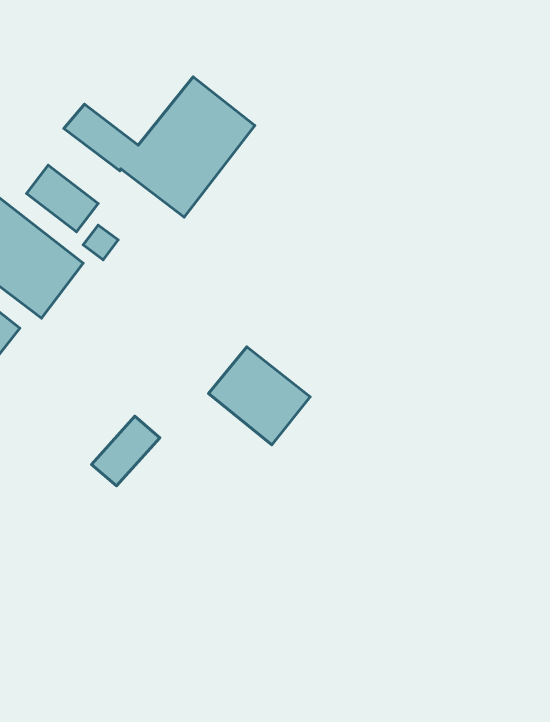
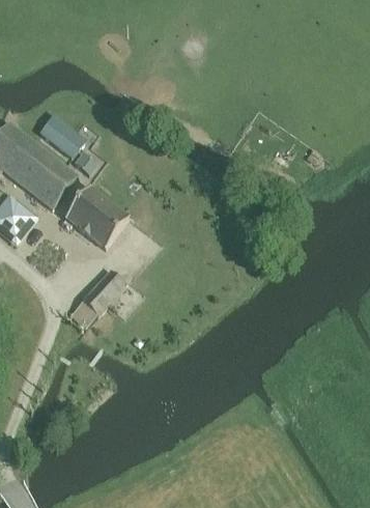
building: [64,77,255,217] -> none
building: [209,347,310,445] -> [64,188,127,249]

